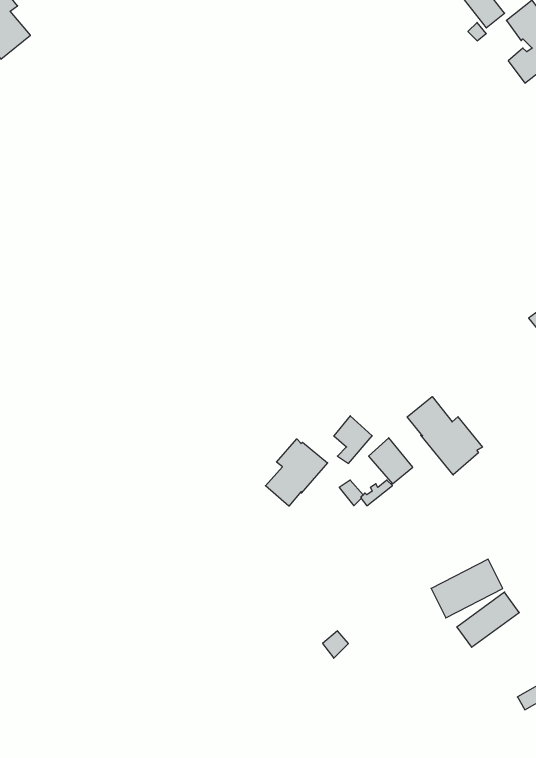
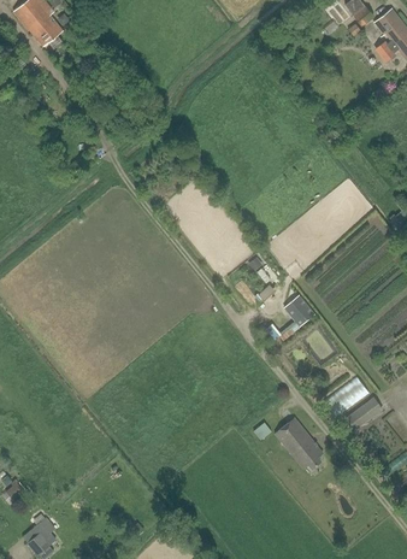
building: [407,397,483,475] -> none
building: [265,439,328,506] -> none
building: none -> [273,418,322,469]

